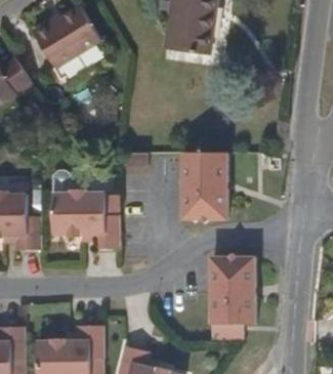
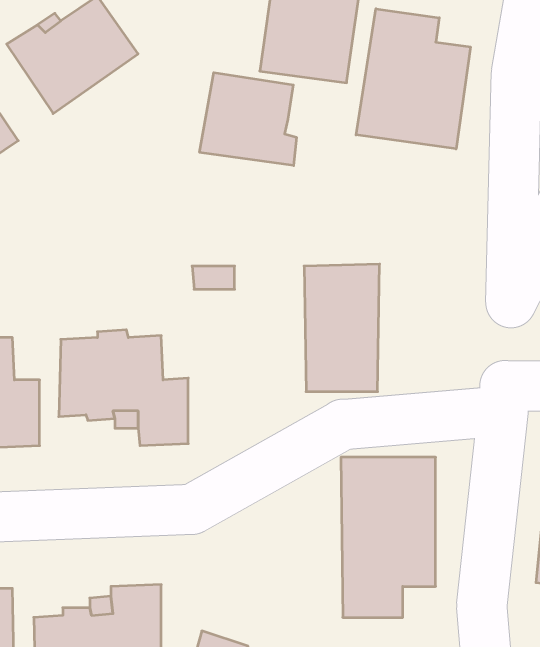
building: none -> [356,9,470,149]
building: none -> [200,73,296,166]

